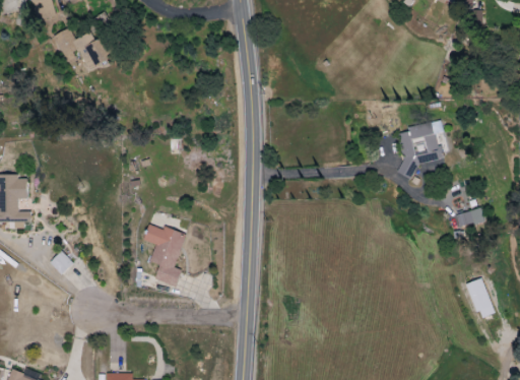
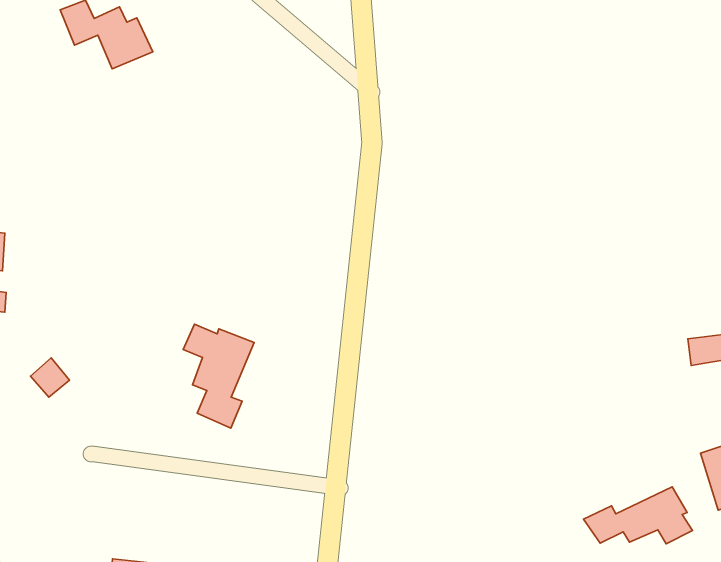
building: [396,124,443,176] -> none
building: none -> [584,487,693,544]

